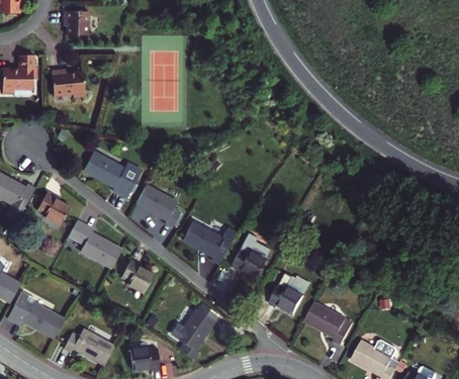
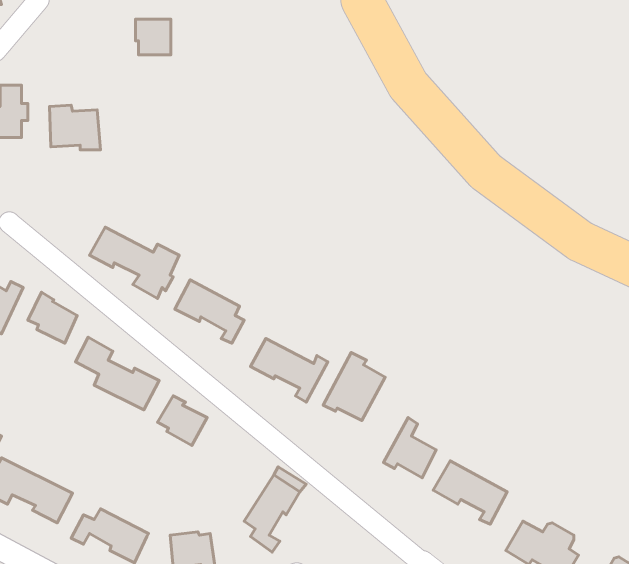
building: [65,12,88,35] -> [135,19,171,55]

